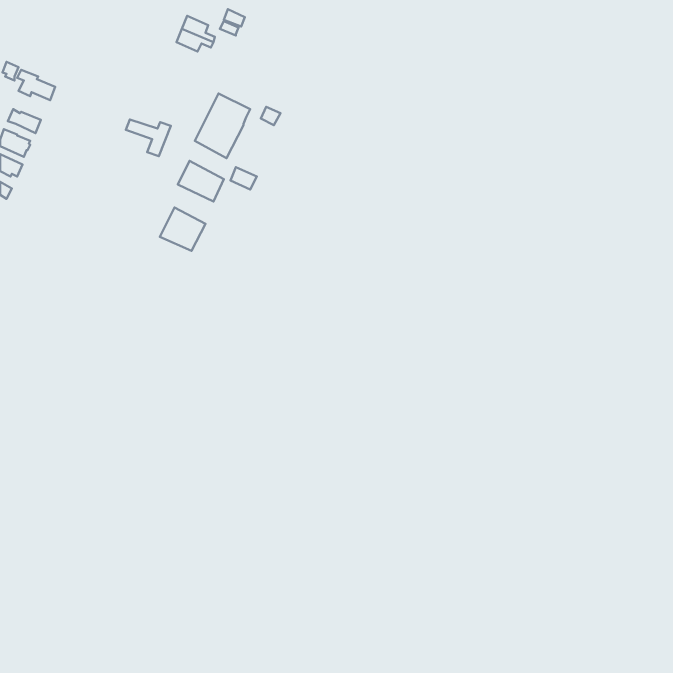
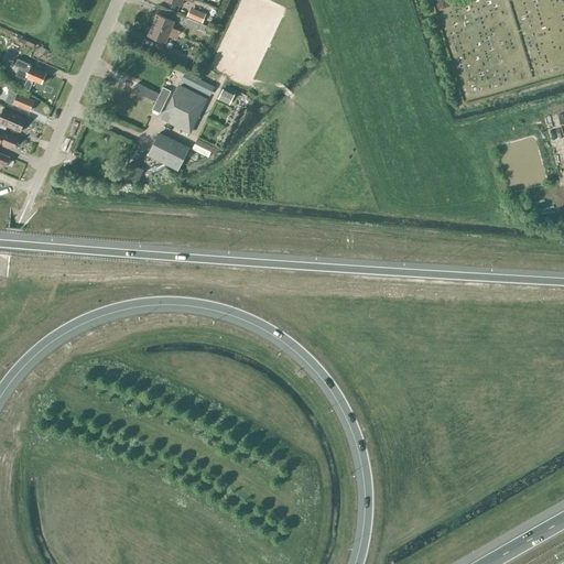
building: [126,119,171,156] -> [134,84,172,115]
building: [160,208,206,251] -> none

